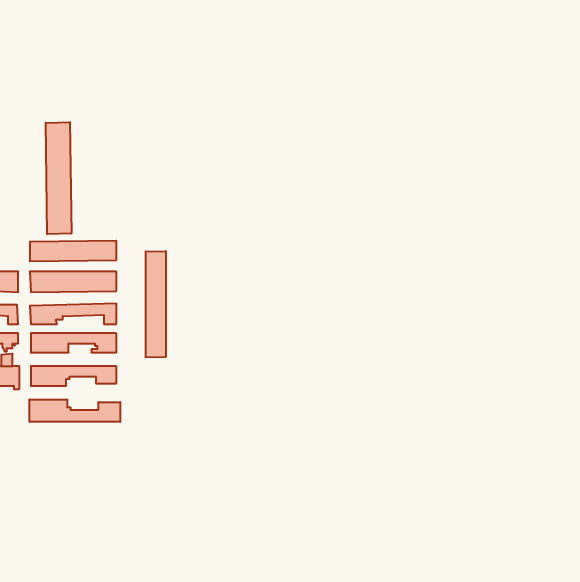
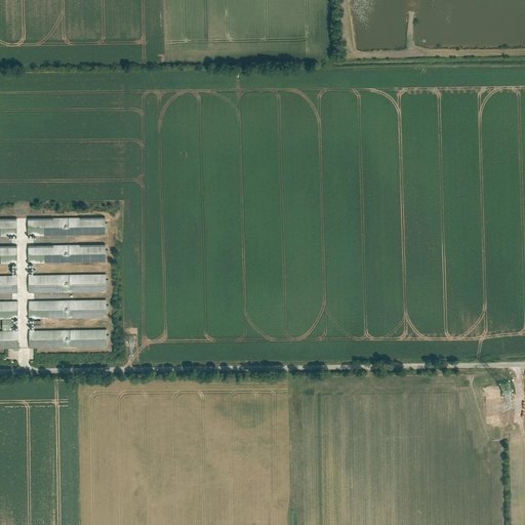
building: [46,122,71,234] -> none
building: [146,251,166,357] -> none
building: [29,399,120,422] -> none

